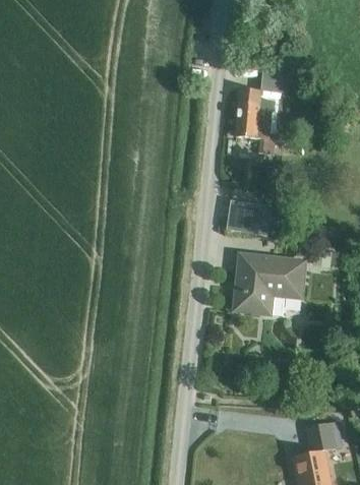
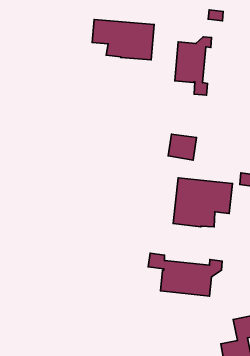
building: none -> [92,19,154,60]
building: none -> [148,253,222,296]

